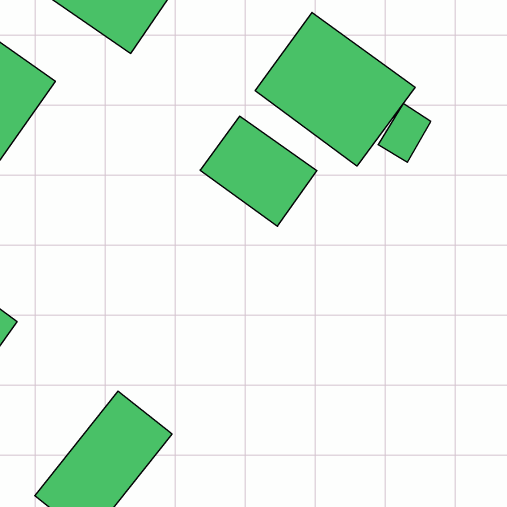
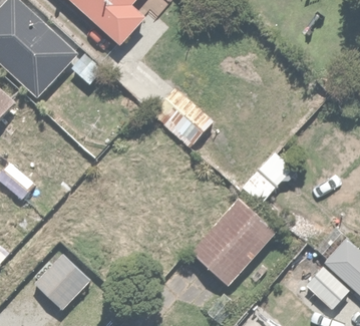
building: [255,12,415,166] -> none
building: none -> [185,197,277,285]

